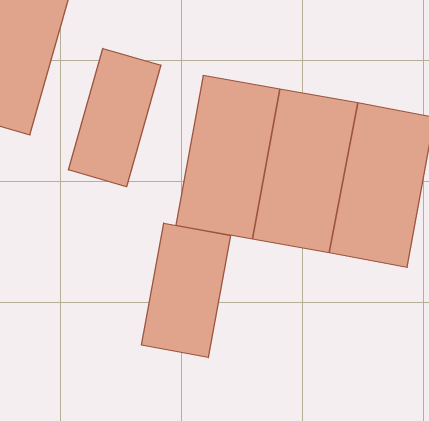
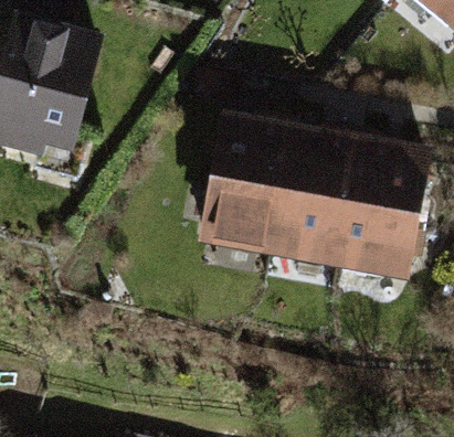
building: [68,48,161,187] -> none
building: [142,223,230,358] -> none

